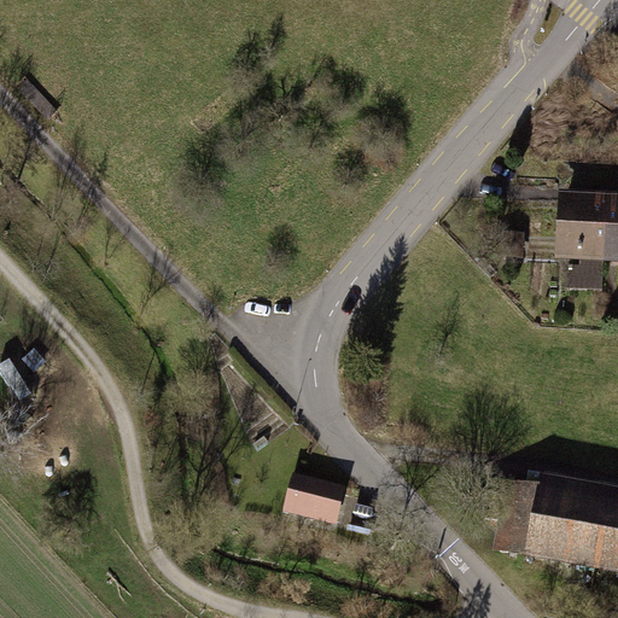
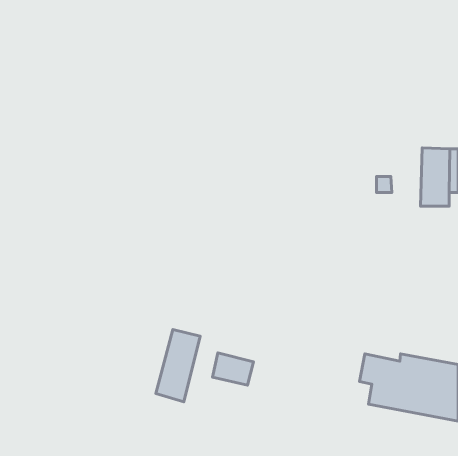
building: none -> [156,329,200,402]

